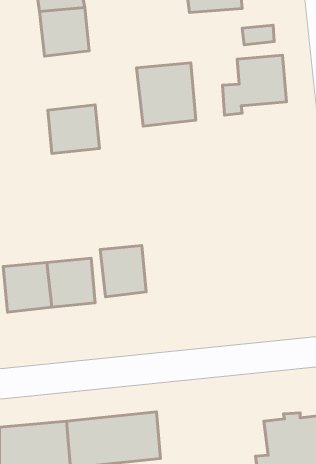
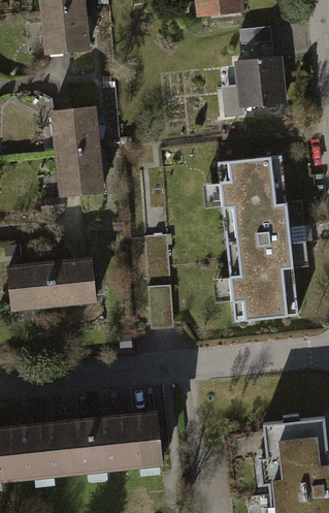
building: [136,63,196,126] -> none
building: none -> [53,152,105,201]
building: none -> [216,154,305,320]
building: [100,246,146,297] -> none

